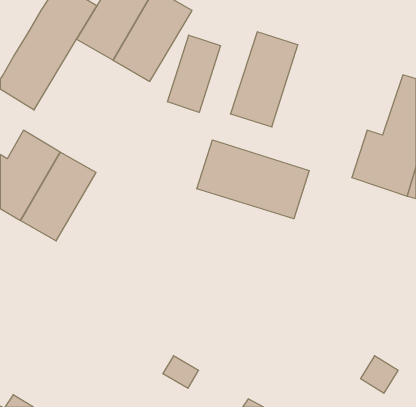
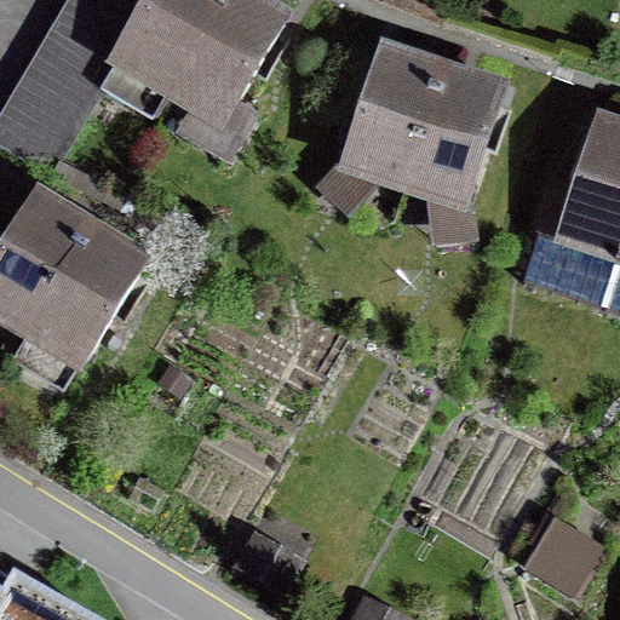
building: [168,35,220,112] -> none
building: none -> [404,67,509,211]
building: [197,140,309,219] -> none

